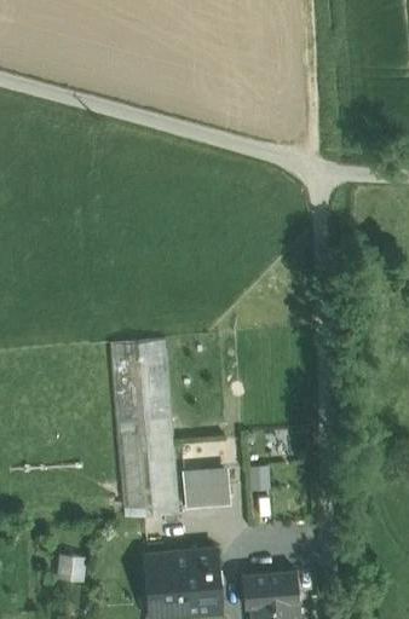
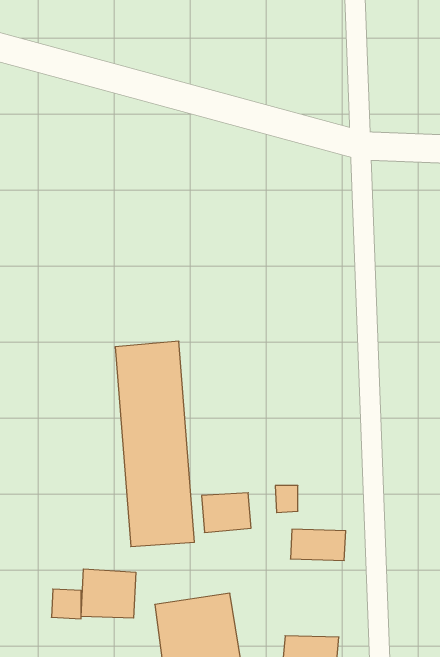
building: none -> [81,569,136,618]
building: [255,566,303,592] -> [290,529,346,560]

